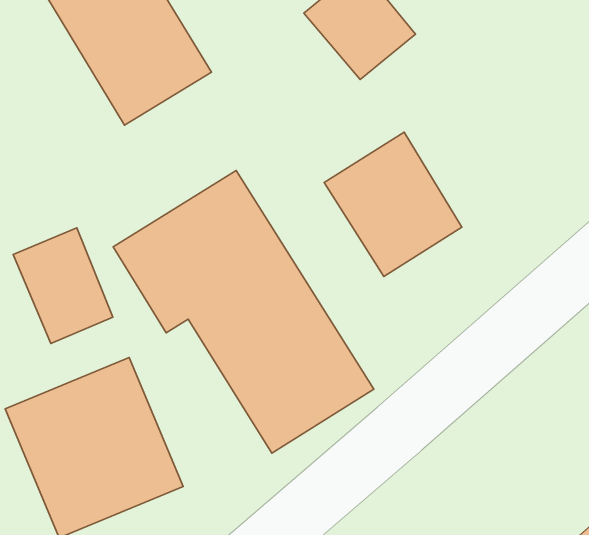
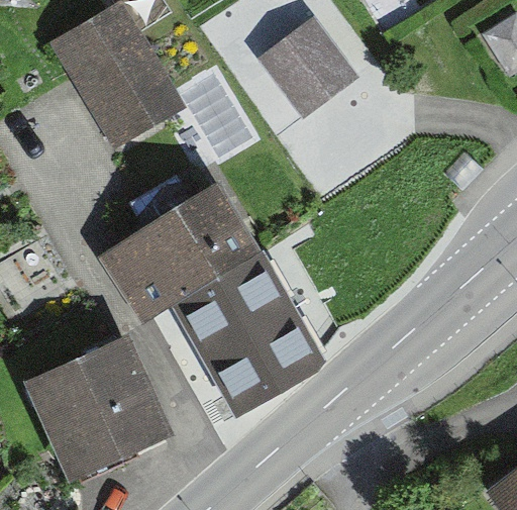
building: [324,132,462,276] -> none
building: [13,228,113,343] -> none

